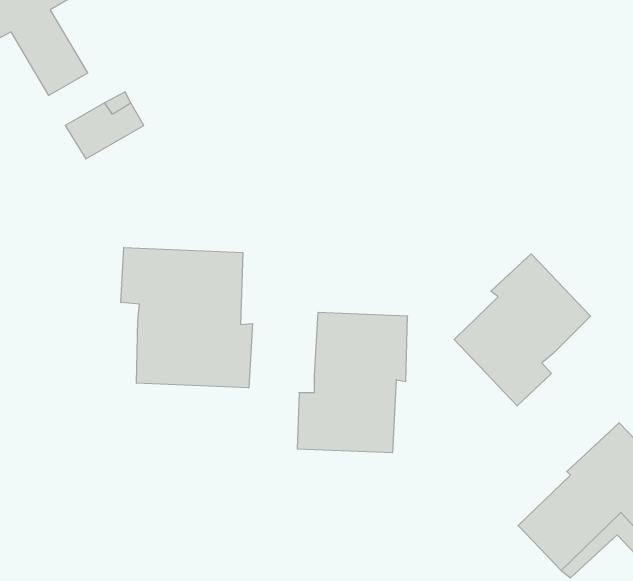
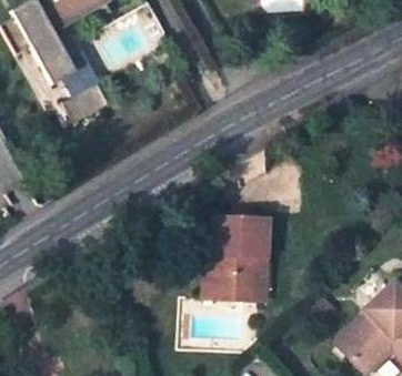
building: [121,247,252,388] -> none
building: [454,254,591,406] -> none

